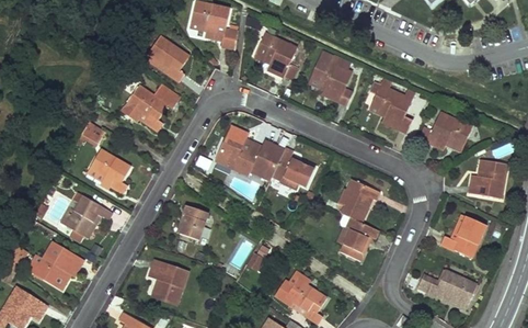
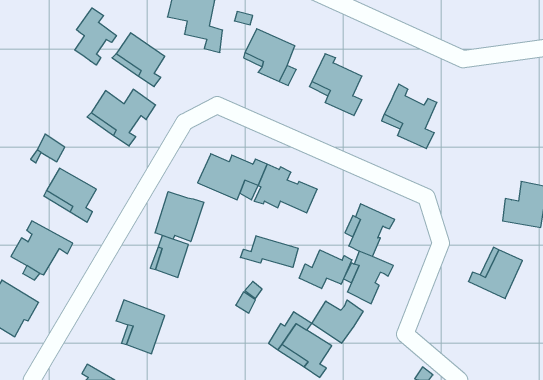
building: none -> [75,8,116,65]
building: [418,112,472,150] -> none
building: none -> [155,192,204,242]
building: none -> [240,236,298,267]
building: none -> [299,250,352,289]
building: none -> [312,300,363,343]
building: [416,269,477,308] -> none

